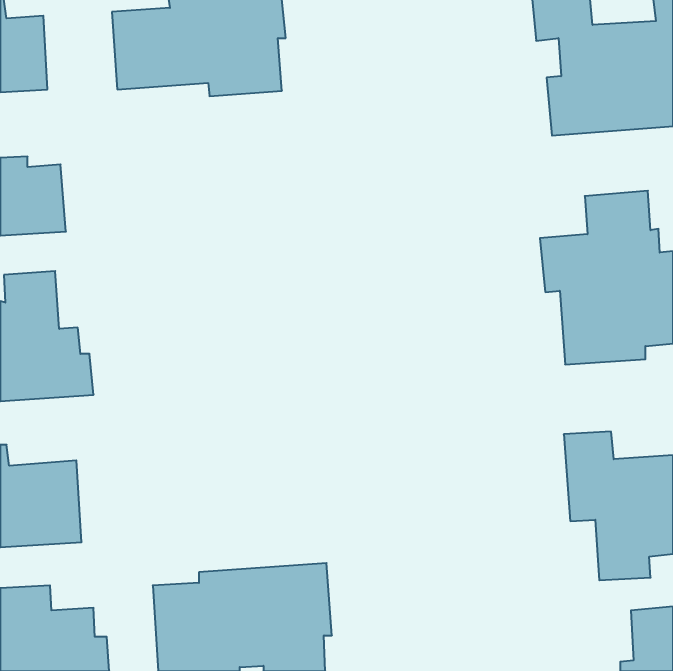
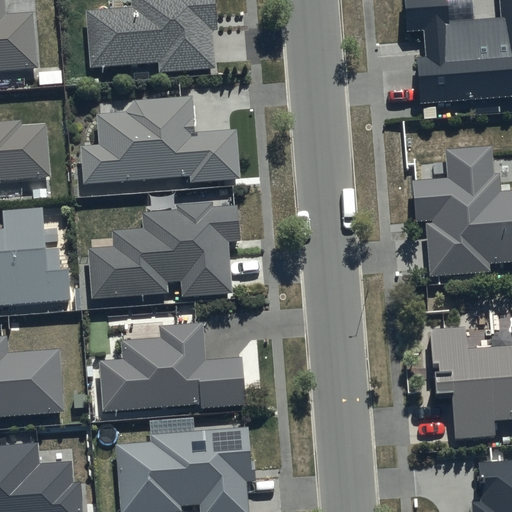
building: none -> [79,96,242,186]
building: none -> [89,202,240,298]
building: none -> [99,323,245,412]

